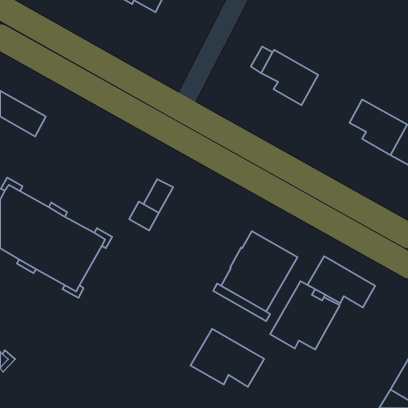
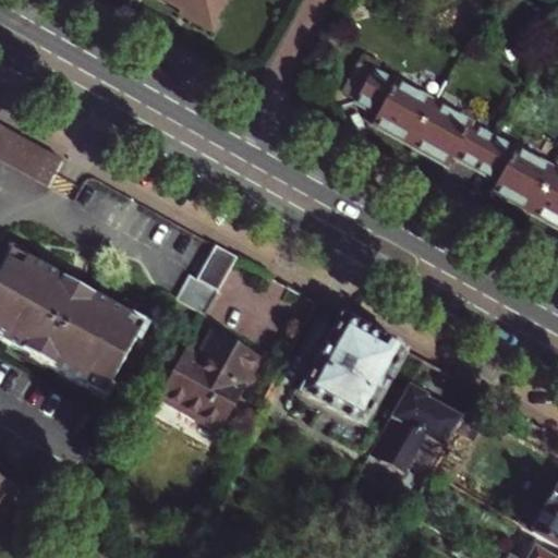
building: none -> [412,101,495,167]
building: none -> [159,326,262,428]
building: [308,256,375,308] -> none
building: [191,329,264,387] -> none

